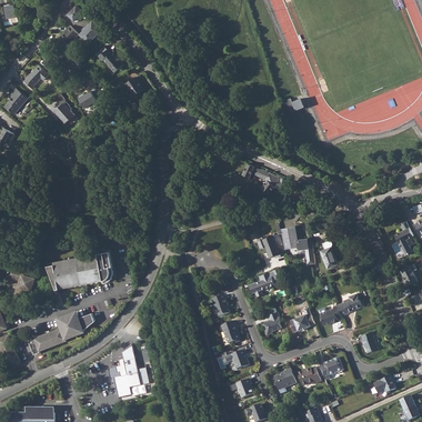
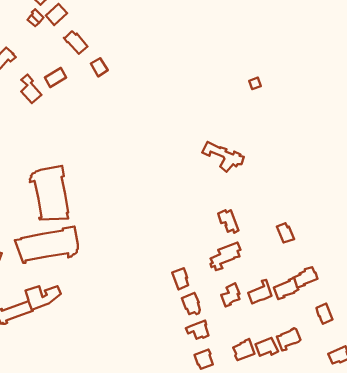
building: none -> [30,166,68,220]
building: [279,225,313,264] -> none
building: [107,344,140,398] -> none

